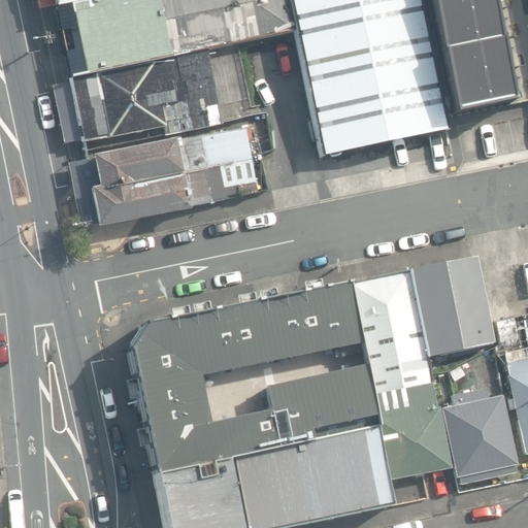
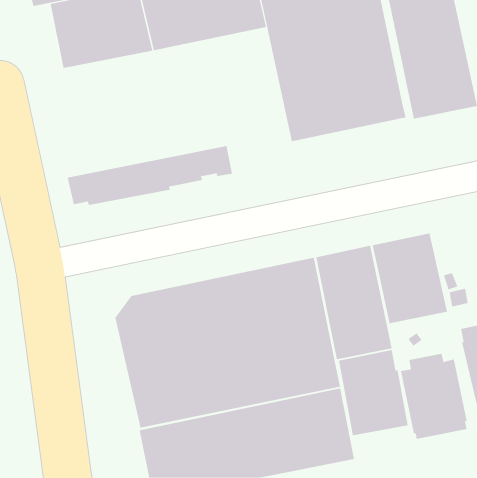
building: [53,46,242,155] -> none
building: [70,127,253,195] -> none

